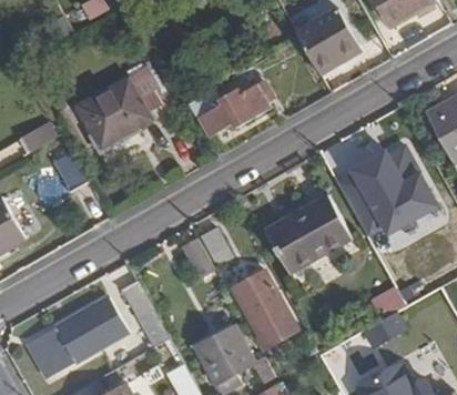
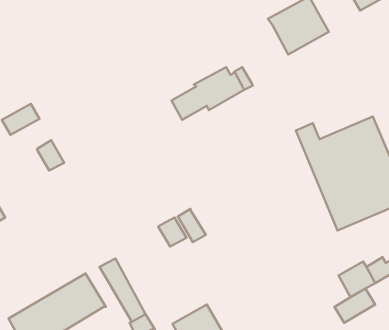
building: [78,68,166,148] -> none
building: [265,195,349,272] -> none
building: [232,271,297,347] -> none

